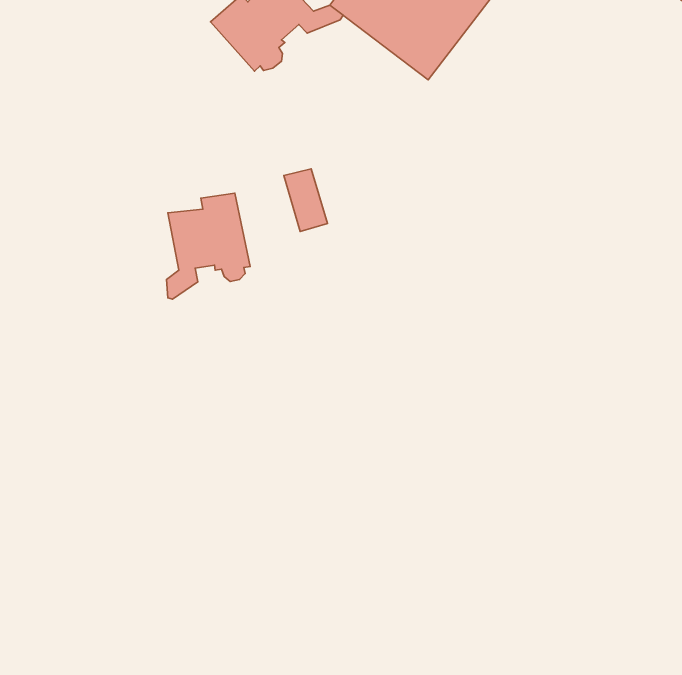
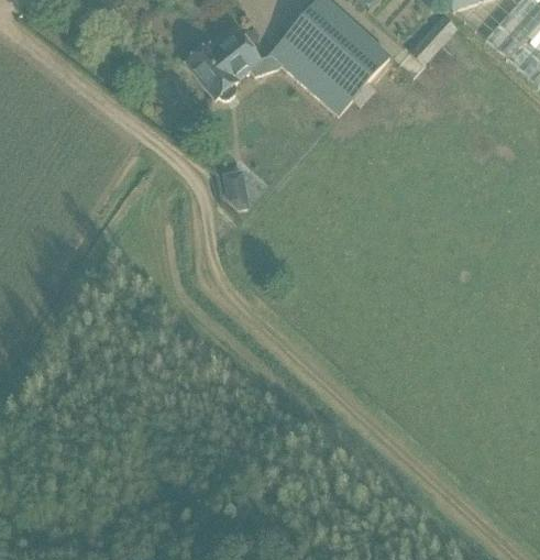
building: [167,193,250,299] -> none

